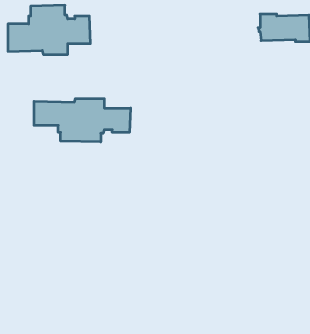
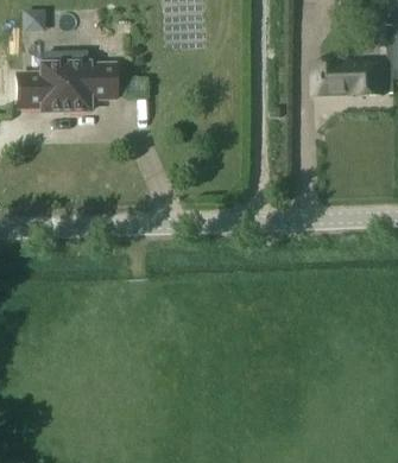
building: [34,99,131,142] -> none

